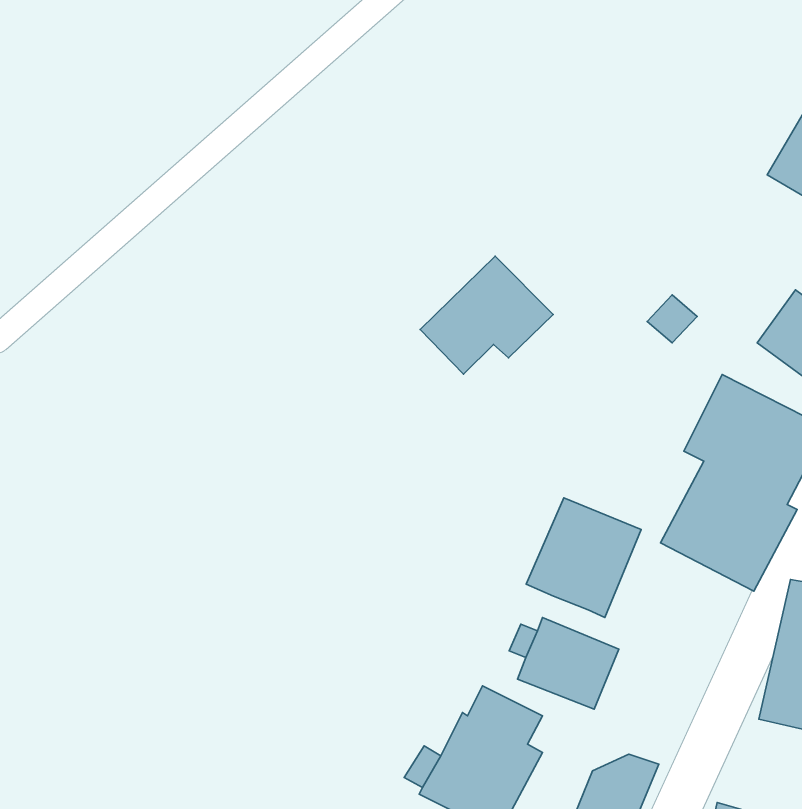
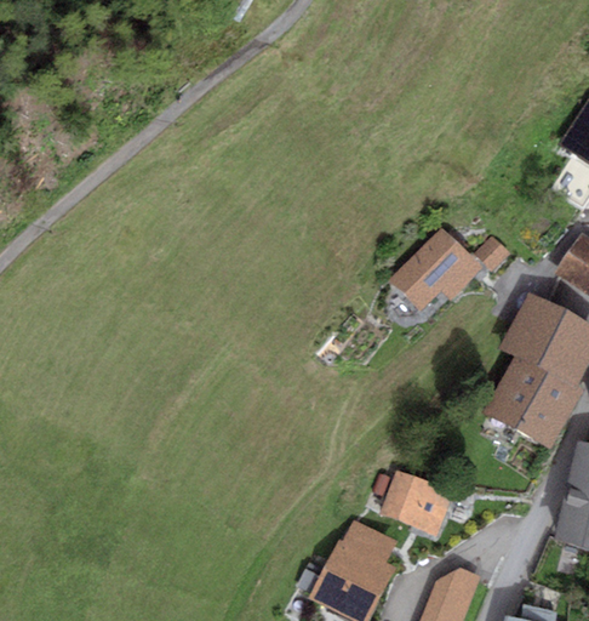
building: [420,256,553,374] -> [388,227,485,313]
building: [526,498,641,617] -> none

